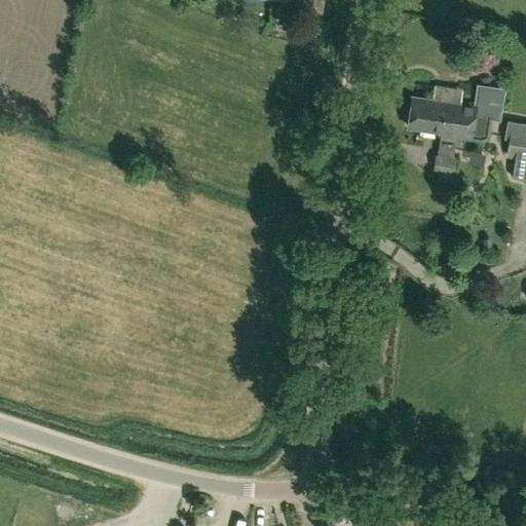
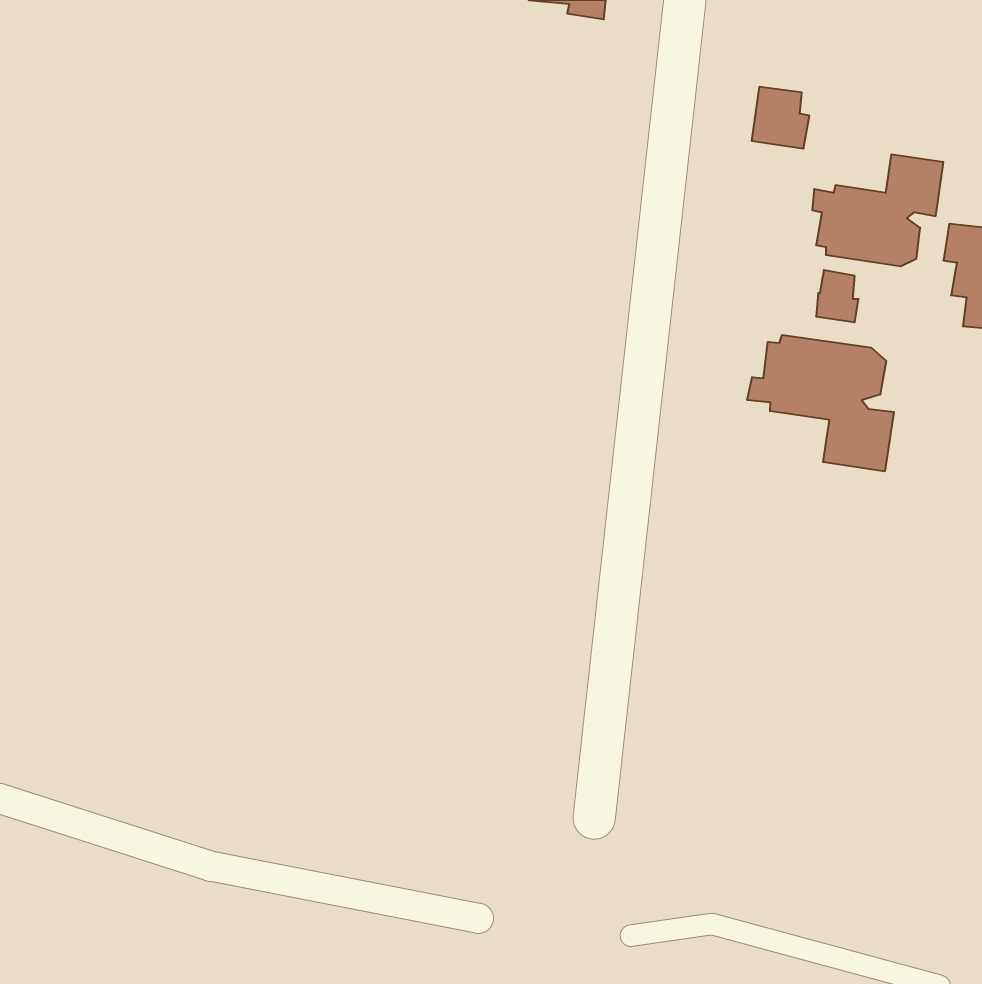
building: [409,99,440,132] -> [752,87,809,148]
building: none -> [747,335,894,471]

